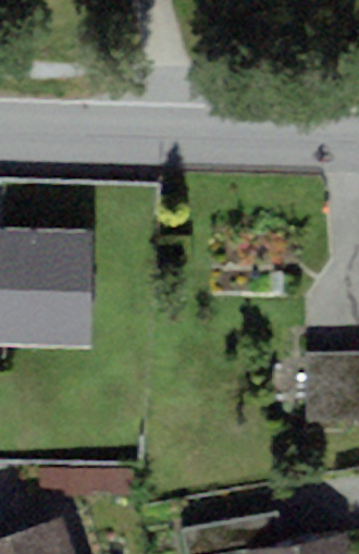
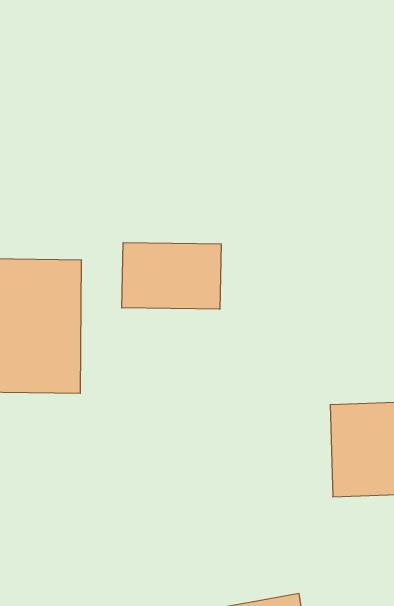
building: none -> [122,243,221,309]

